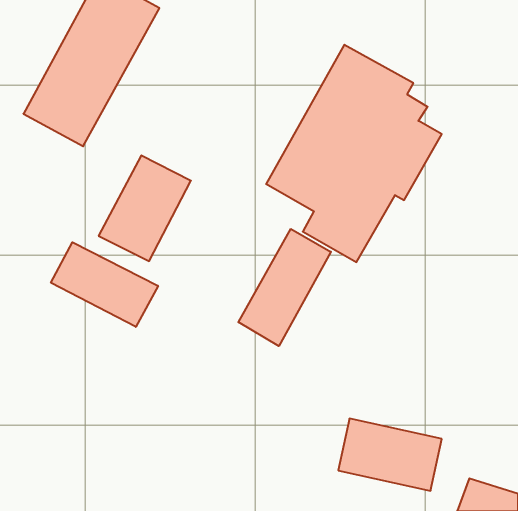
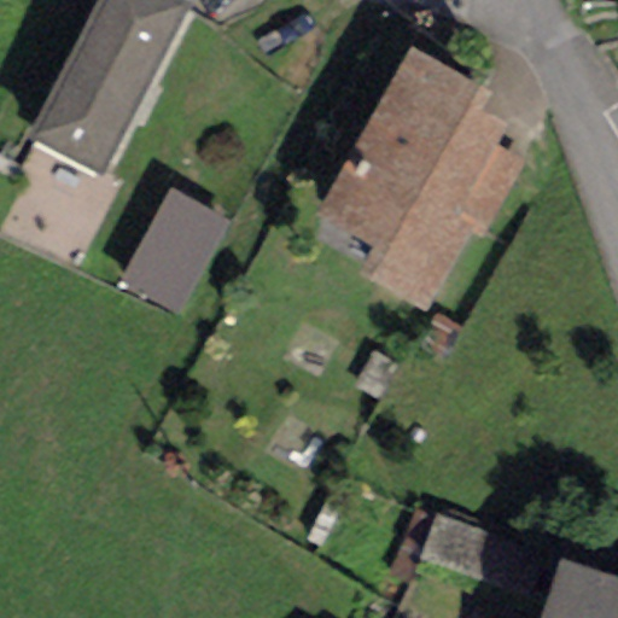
building: [238,229,331,346] -> none
building: [51,242,158,327] -> none

